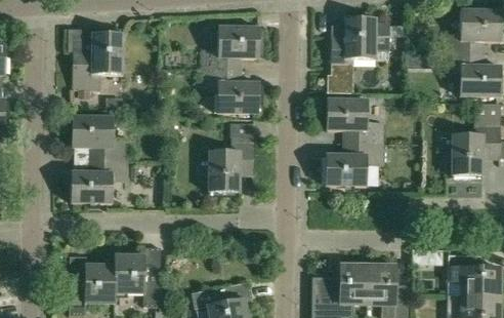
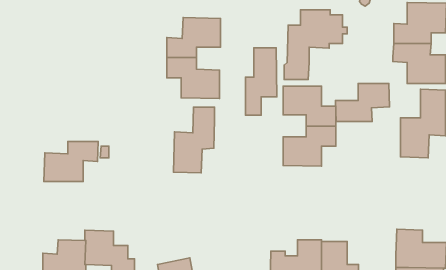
building: [72,32,124,89] -> none
building: none -> [246,48,277,115]
building: none -> [336,83,390,121]
building: [71,116,128,159] -> none

